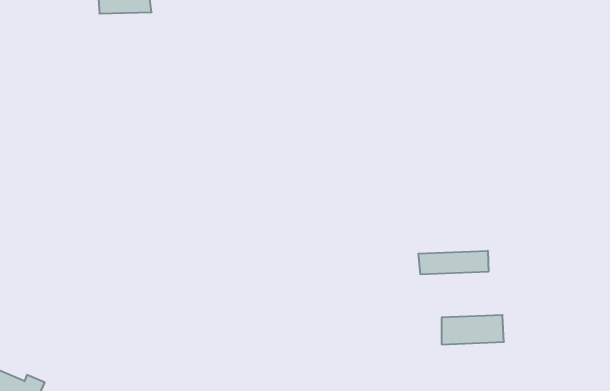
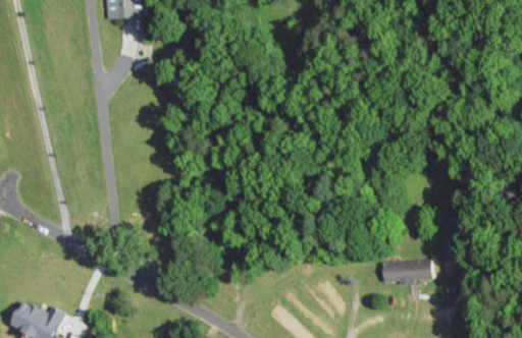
building: [418,251,488,274] -> none

